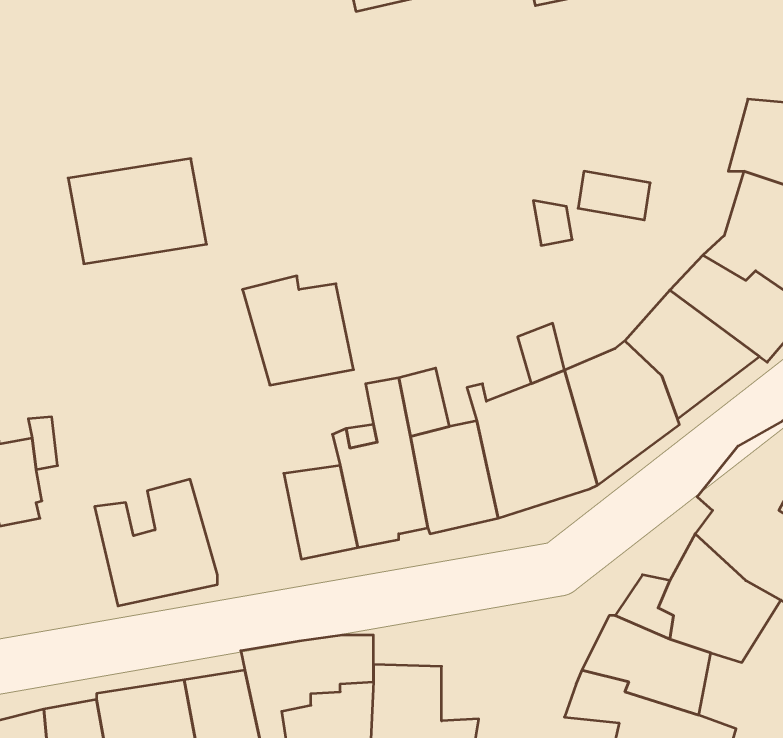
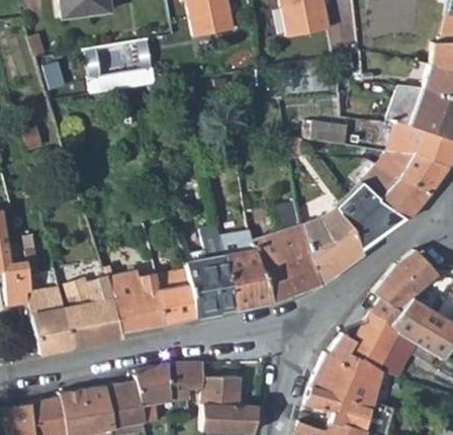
building: [68,159,207,264] -> [85,38,157,93]
building: [242,276,354,385] -> [109,274,167,331]
building: none -> [29,290,72,353]

